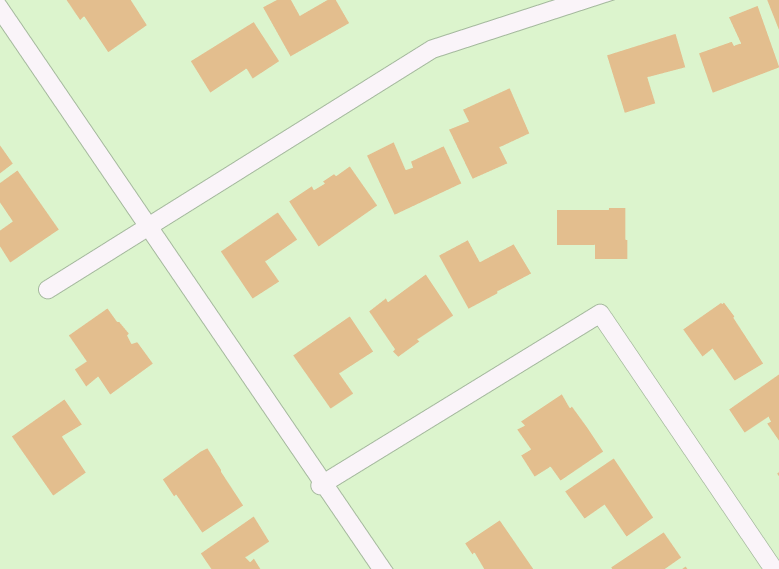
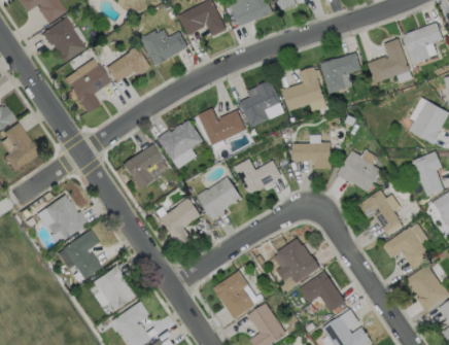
building: none -> [65,60,110,111]
building: none -> [282,67,324,110]
building: none -> [337,150,381,192]
building: [11,399,87,497] -> [62,229,101,279]
building: none -> [213,271,255,319]

